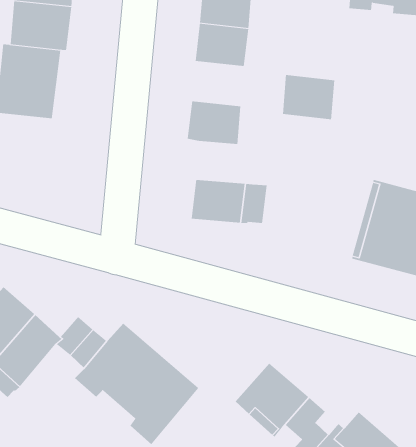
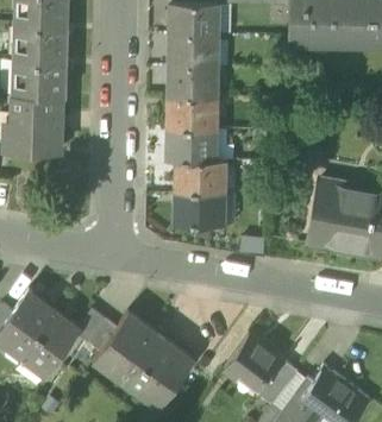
building: [282,74,335,120] -> [169,97,209,131]
building: none -> [177,162,219,193]

